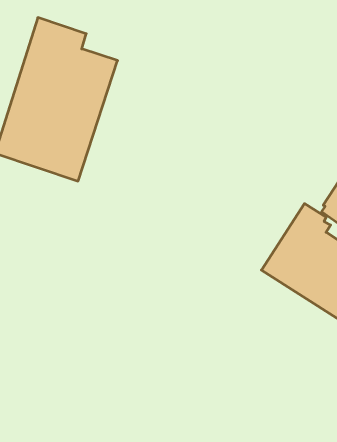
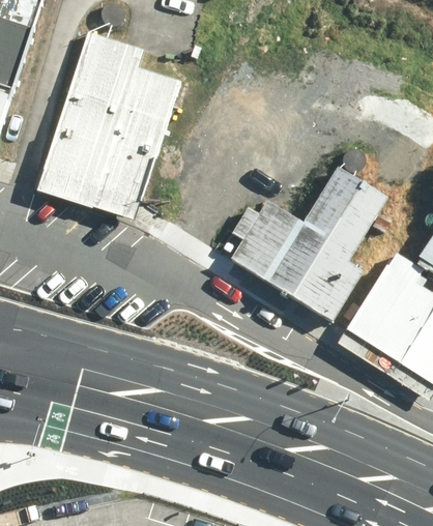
building: none -> [232,169,391,321]

